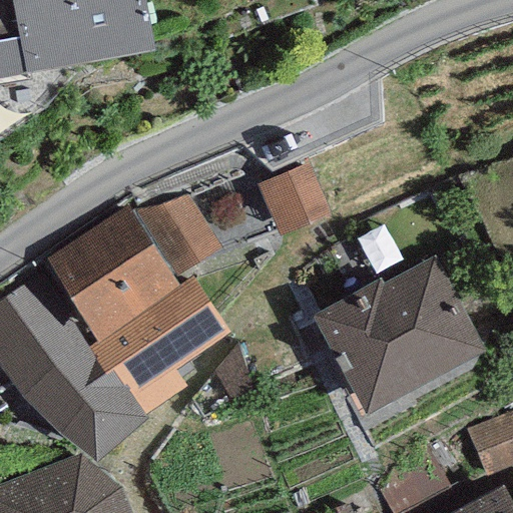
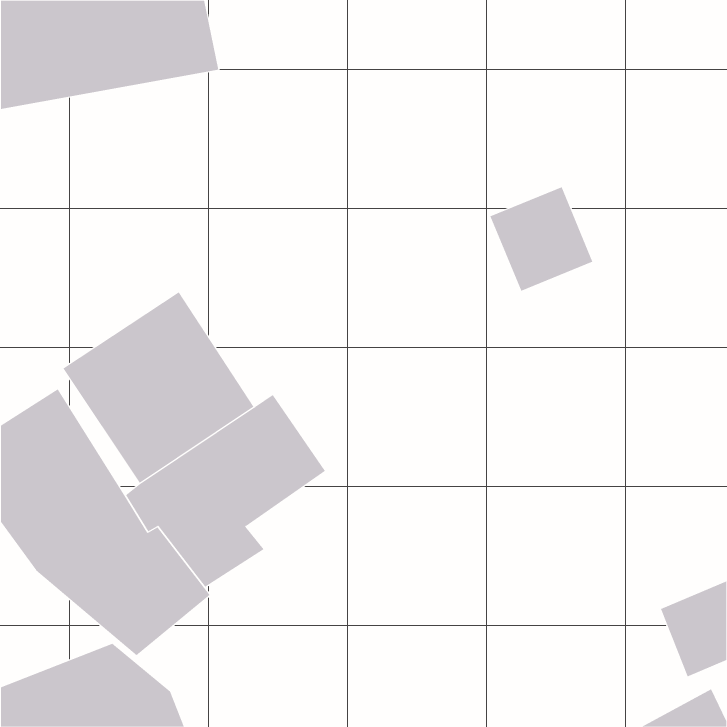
building: [258,162,331,236] -> [489,186,593,292]
building: [137,195,219,276] -> none
building: [312,256,484,415] -> none

